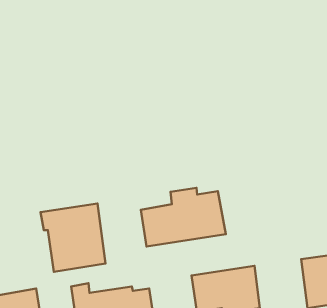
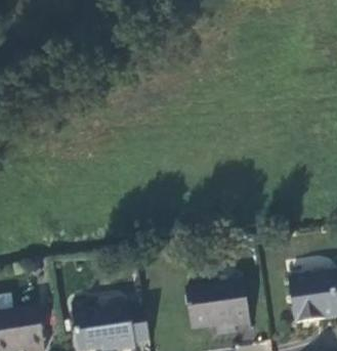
building: [141,188,226,246] -> none
building: [40,203,106,272] -> none

